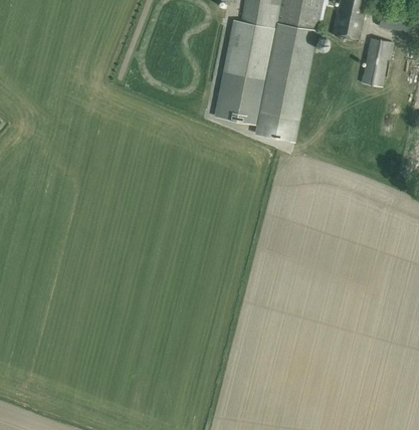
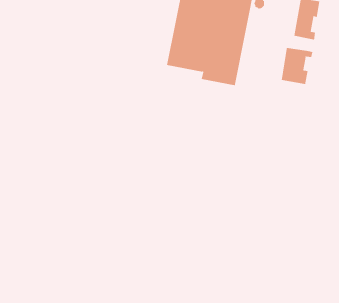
building: none -> [281,47,313,85]

